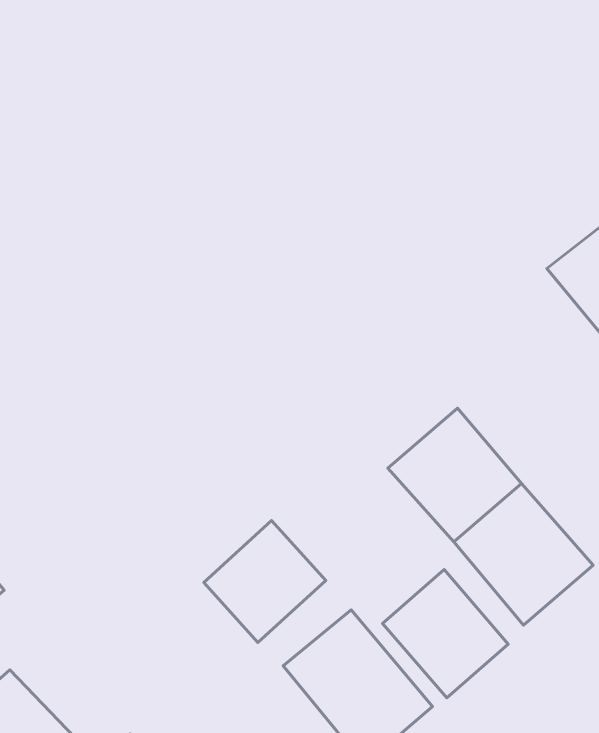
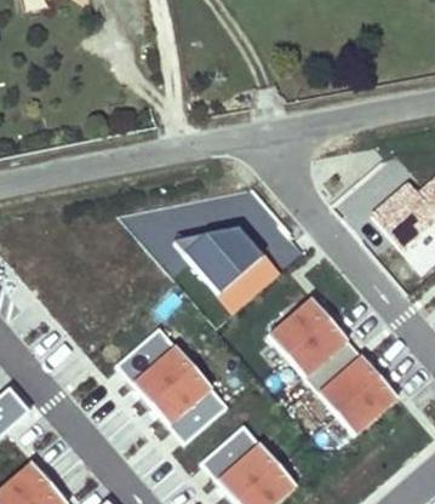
building: none -> [176,224,279,309]
building: none -> [116,327,196,406]
building: [382,570,508,698] -> none

